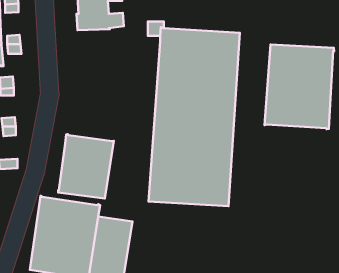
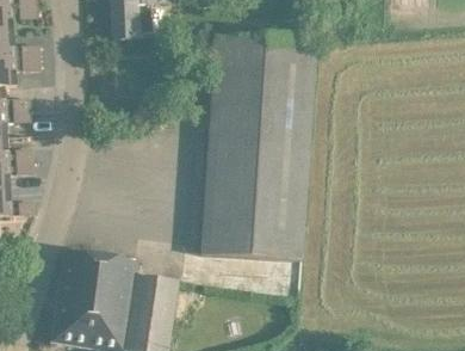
building: [265,44,334,129] -> none
building: [58,134,114,199] -> none

